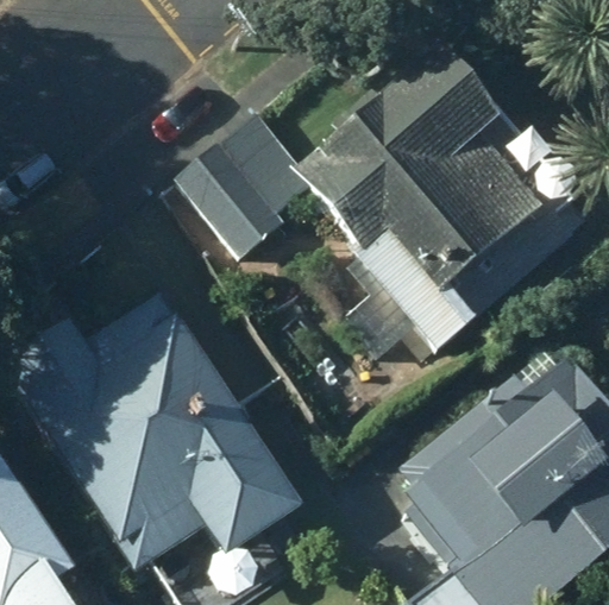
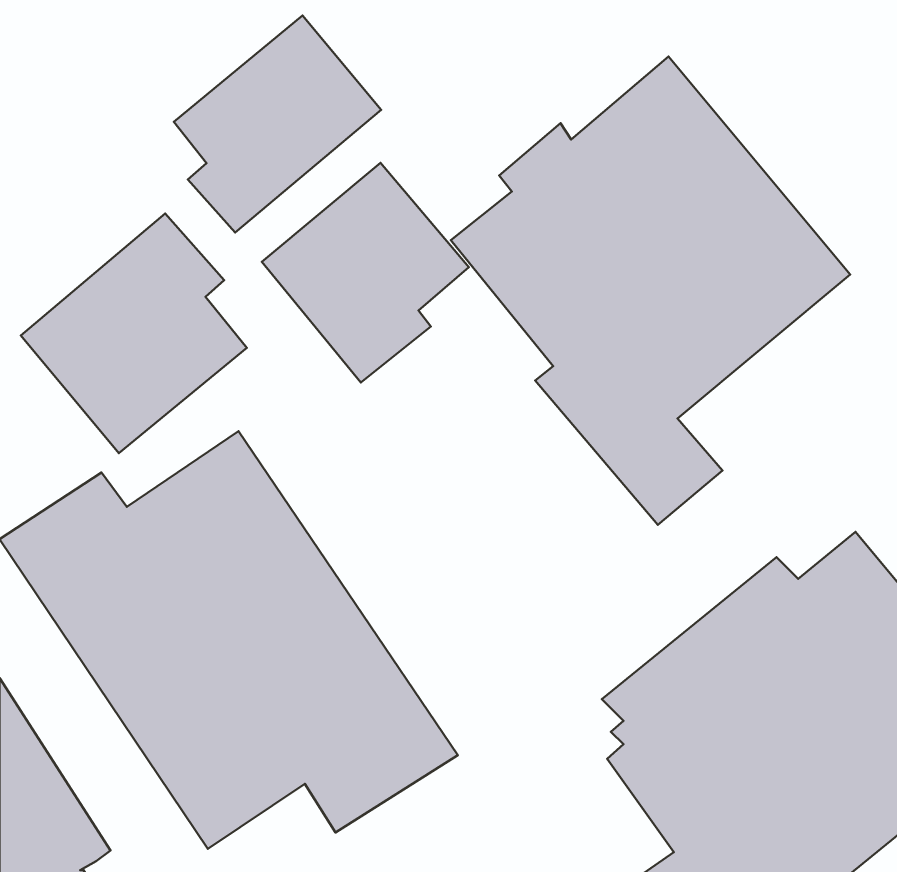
building: none -> [174,16,381,233]
building: none -> [21,214,247,453]

